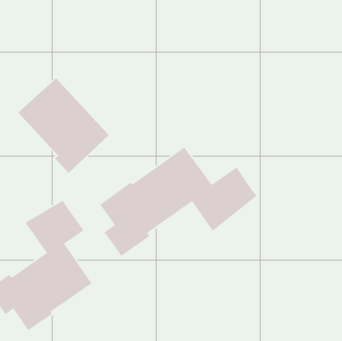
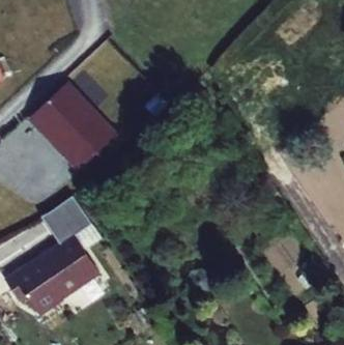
building: [99,147,257,257] -> none

